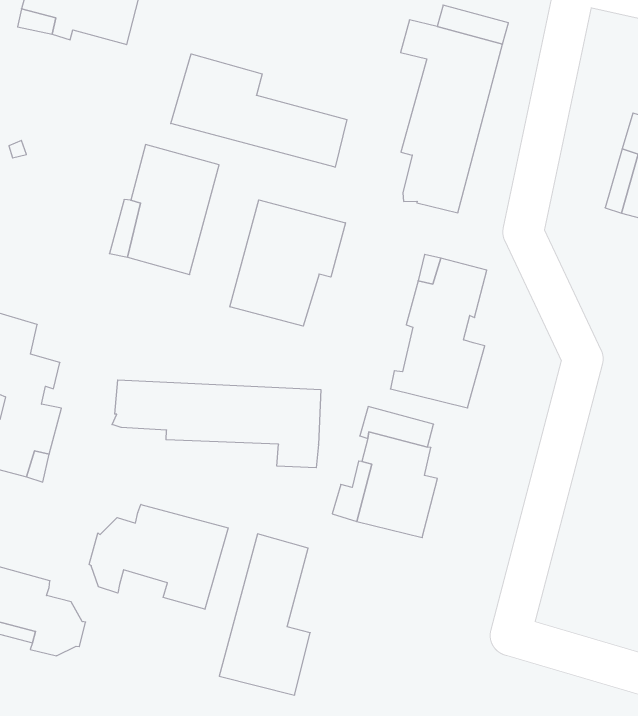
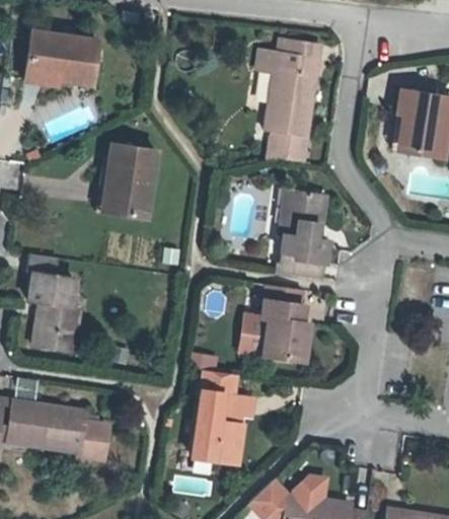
building: [171,54,347,167] -> none
building: [230,200,345,326] -> none
building: [112,380,321,468] -> none
building: [89,504,228,609] -> none

